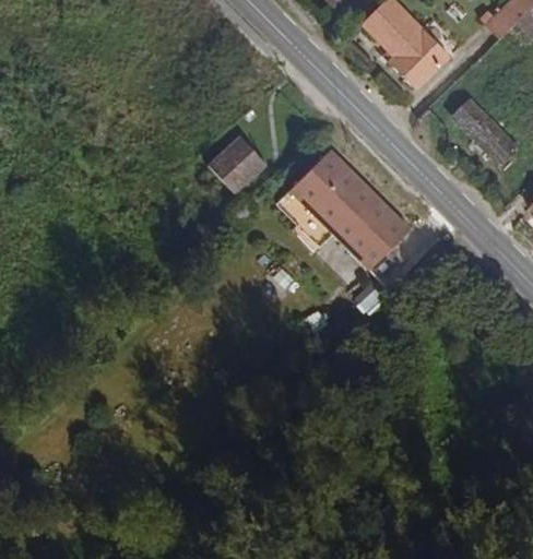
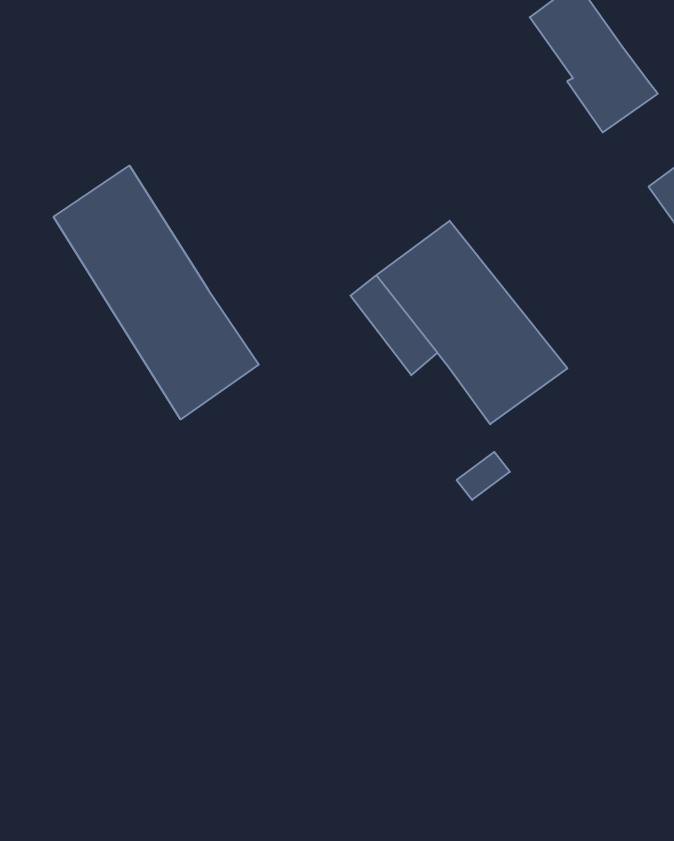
building: [211,136,269,194] -> none
building: none -> [54,166,259,419]

